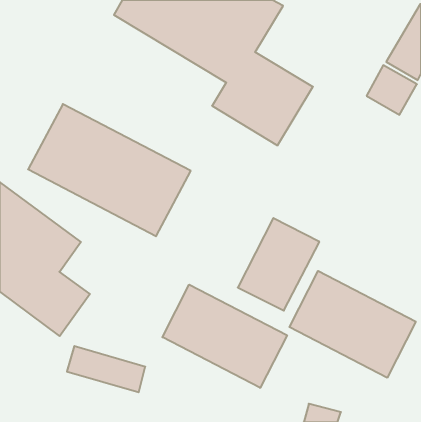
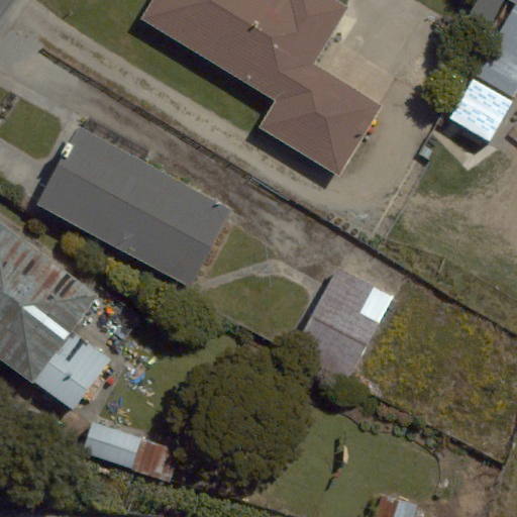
building: [289,271,416,378] -> none
building: [162,285,287,388] -> none

